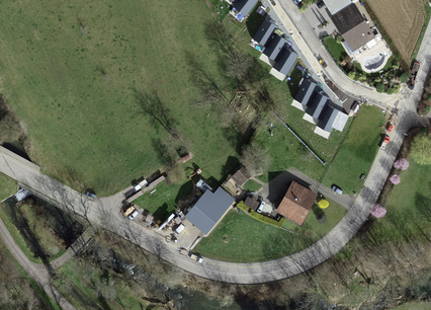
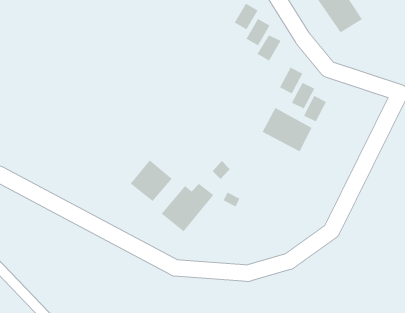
building: none -> [262,107,312,152]
building: none -> [130,160,172,202]
building: [279,181,317,219] -> none

